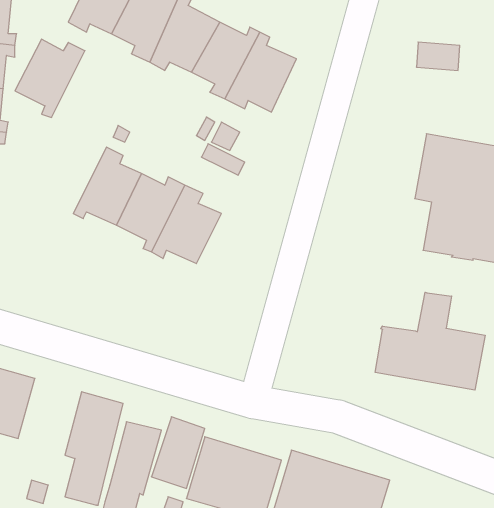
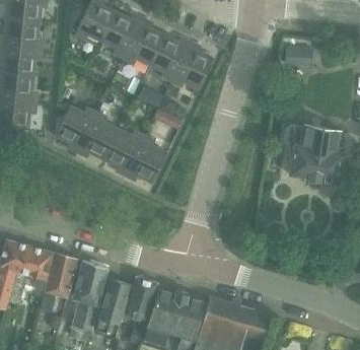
building: [15,39,85,117] -> [55,104,97,152]
building: [375,292,485,390] -> none
building: none -> [40,253,77,310]

